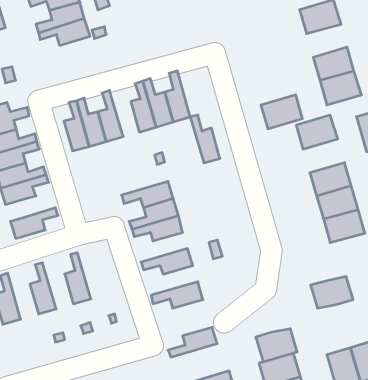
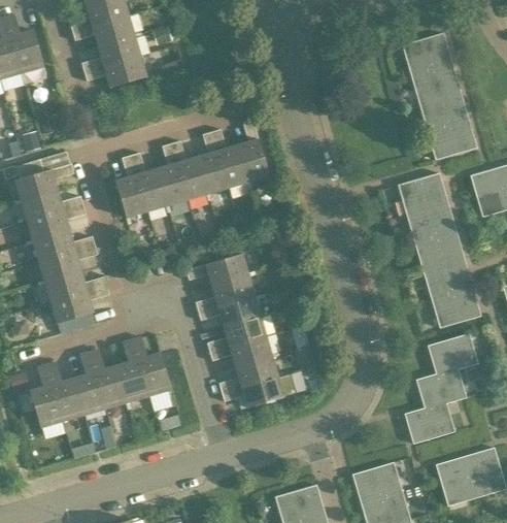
building: none -> [410,63,460,103]
building: [261,95,302,129] -> [406,202,457,243]
building: [190,115,220,163] -> [171,141,207,199]
building: none -> [44,271,105,302]
building: none -> [207,316,266,352]
building: none -> [427,333,478,374]
building: none -> [132,337,171,396]
building: none -> [90,350,127,408]
building: none -> [47,362,84,421]
building: [168,327,217,357] -> [218,356,278,392]
building: [256,329,297,362] -> [404,403,454,444]

